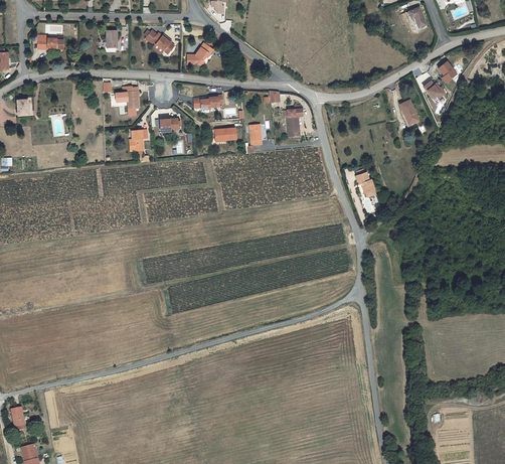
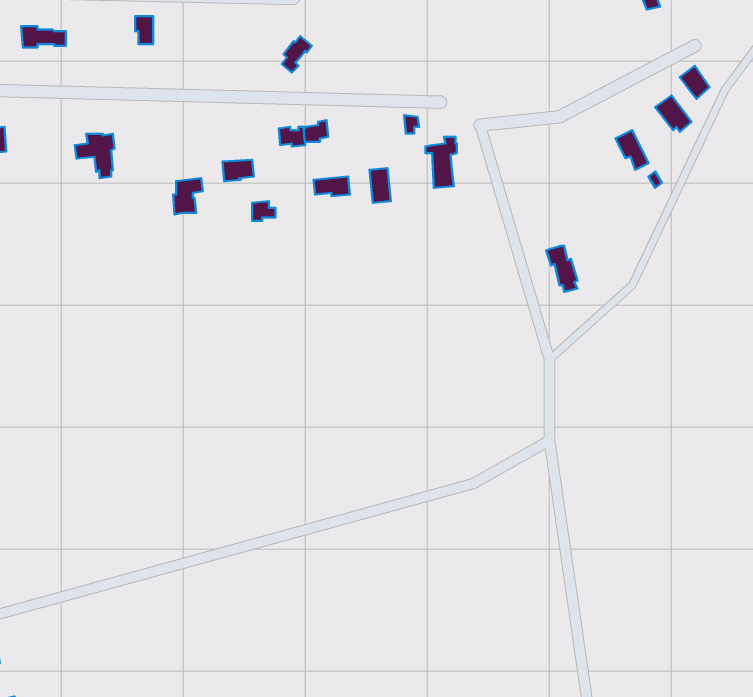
building: [146,31,175,55] -> none
building: [115,87,139,114] -> [75,134,114,178]

